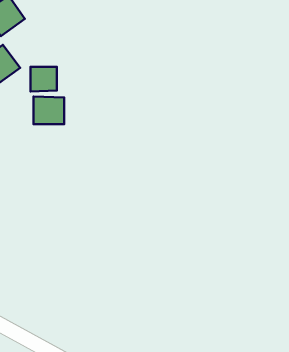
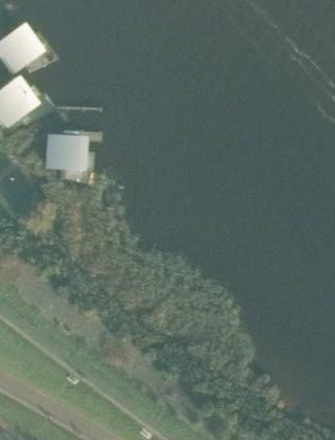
building: [31,67,57,91] -> none

